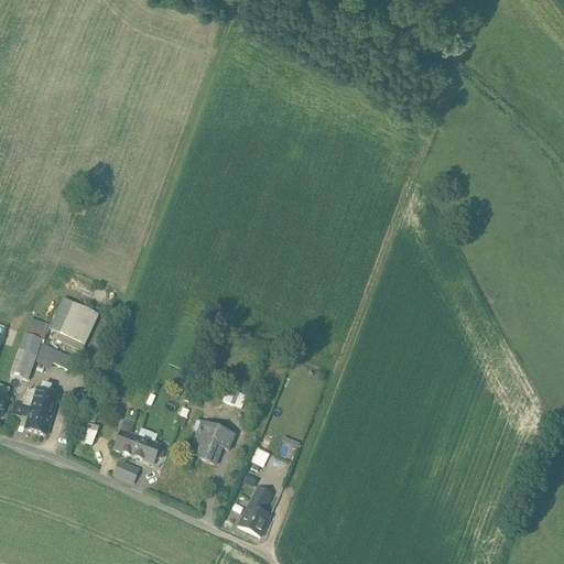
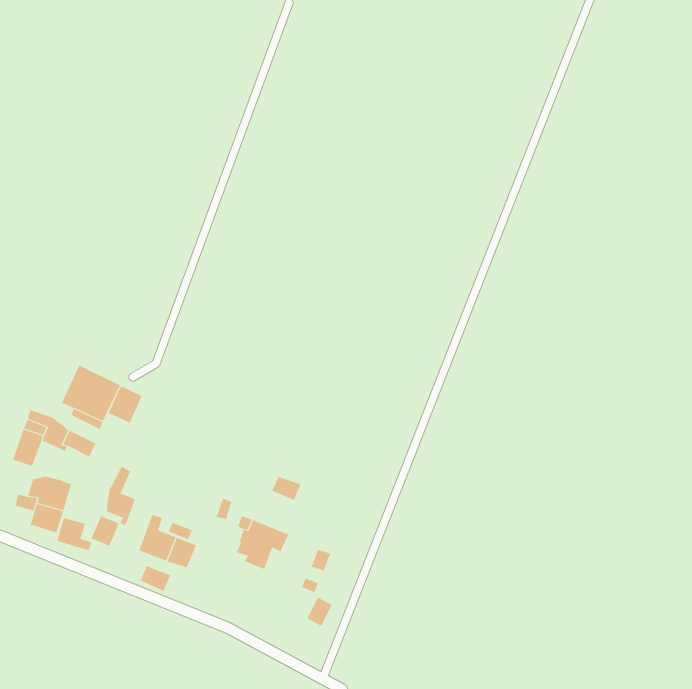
building: none -> [108,386,143,423]
building: none -> [106,466,136,526]
building: none -> [57,517,92,551]
building: [239,502,271,533] -> none

